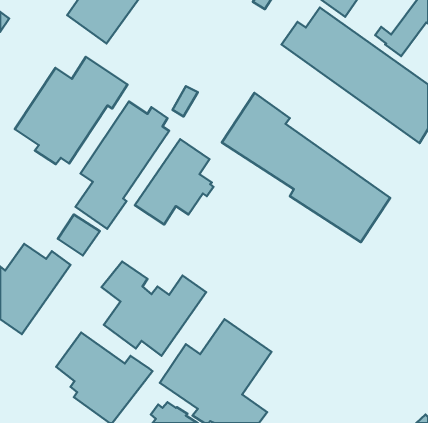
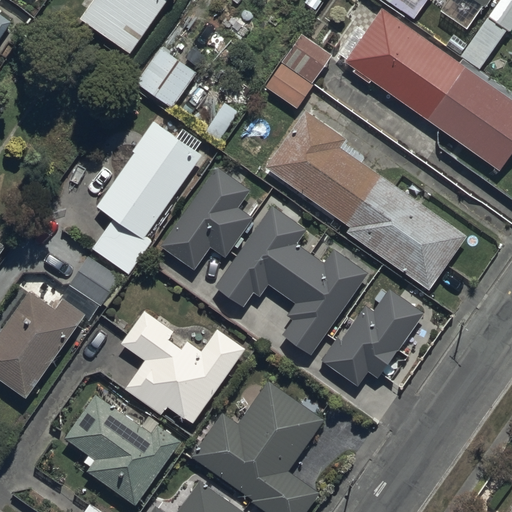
building: none -> [263,32,331,105]
building: none -> [135,50,195,110]
building: [15,57,127,164] -> none
building: none -> [216,205,367,354]
building: none -> [321,288,424,385]

